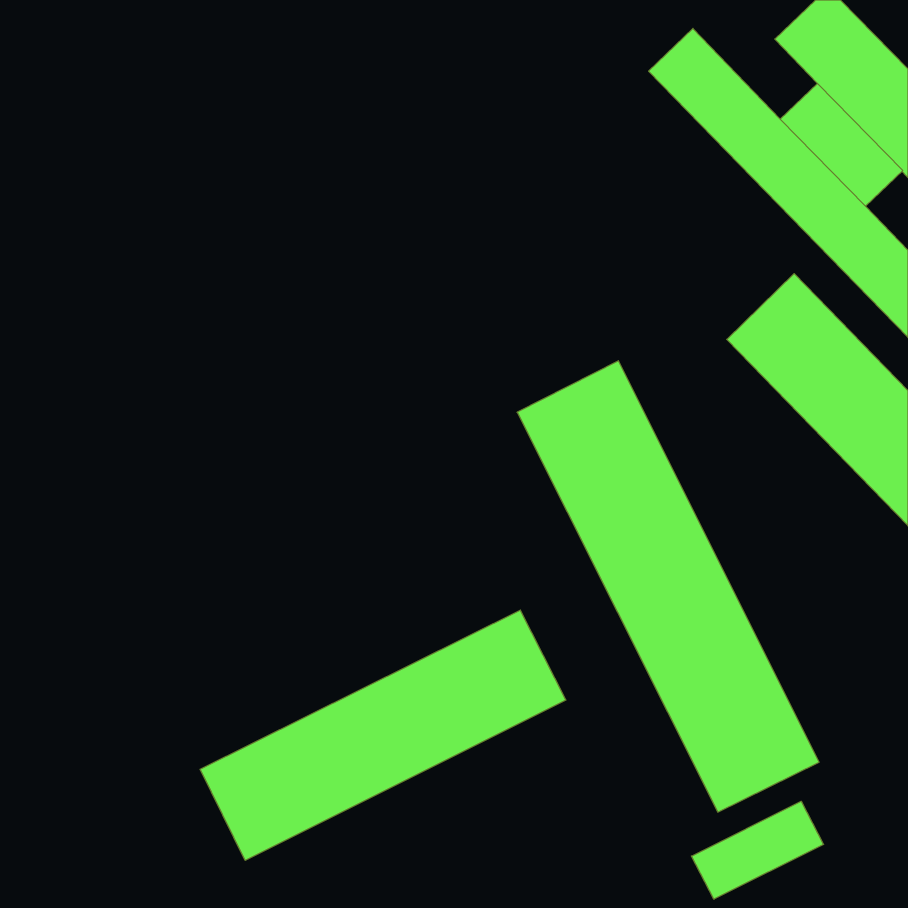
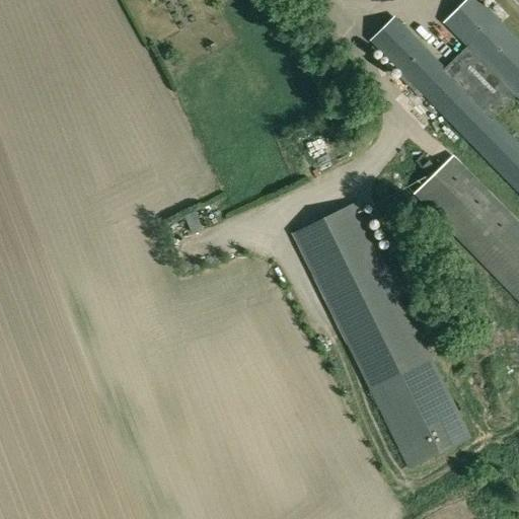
building: [200,610,566,860] -> none
building: [691,801,824,899] -> none

